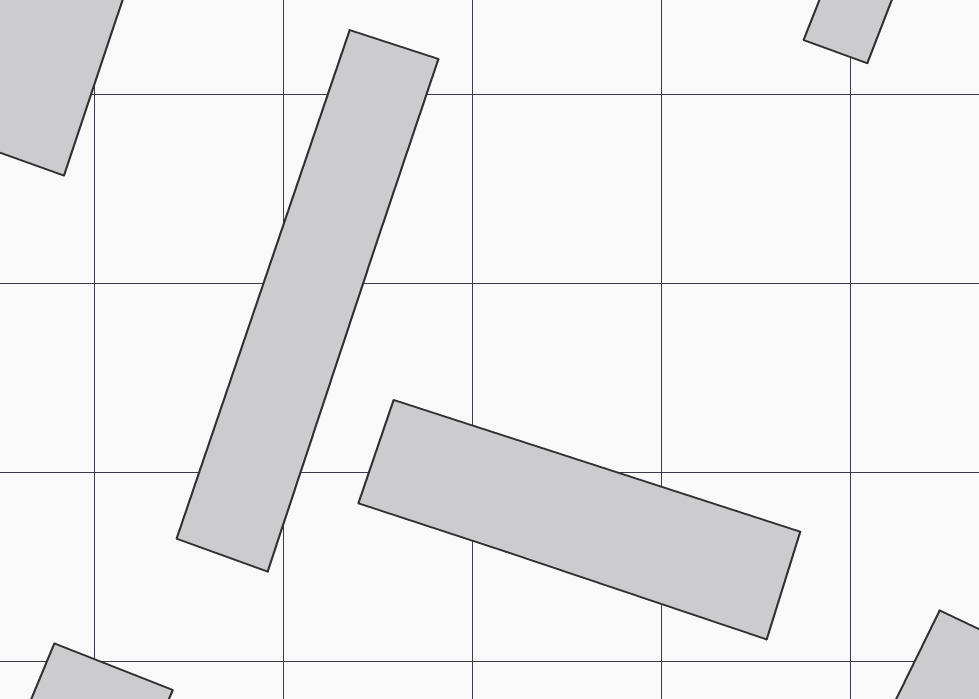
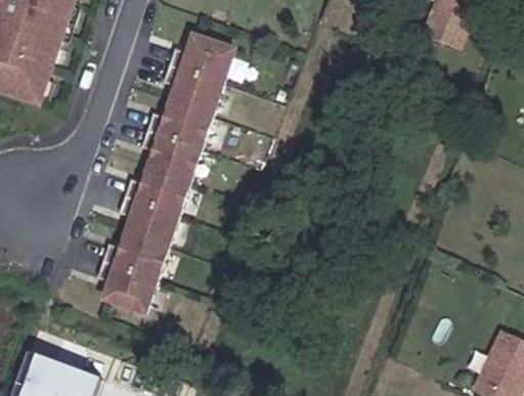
building: [359,400,800,640] -> none

